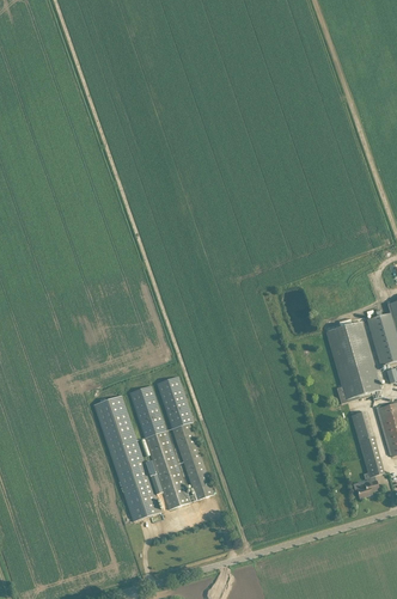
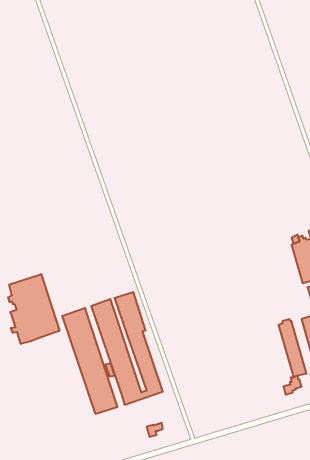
building: [324,317,380,403] -> none
building: none -> [8,274,59,344]

